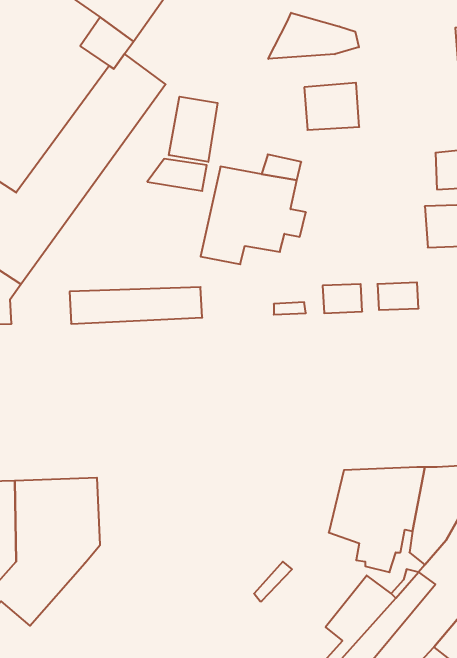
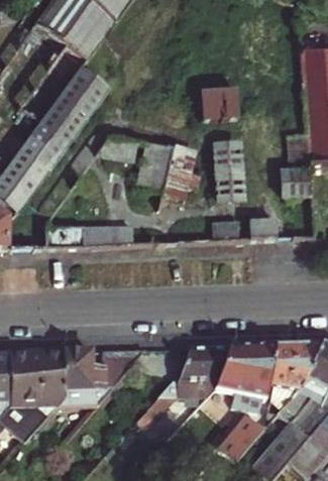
building: [268,13,359,59] -> none
building: [169,97,218,162] -> none
building: none -> [216,141,244,200]
building: none -> [140,343,228,422]
building: none -> [57,346,148,404]

